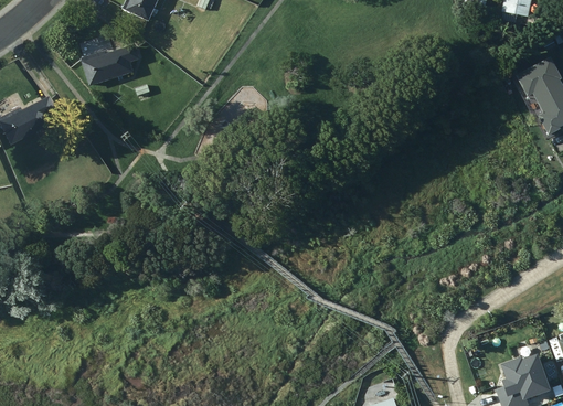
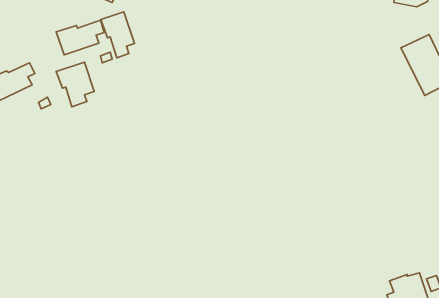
building: none -> [101,12,134,58]
building: none -> [56,62,94,107]

